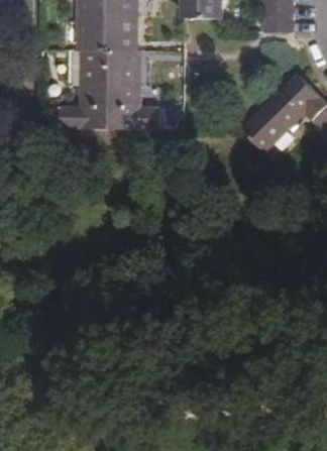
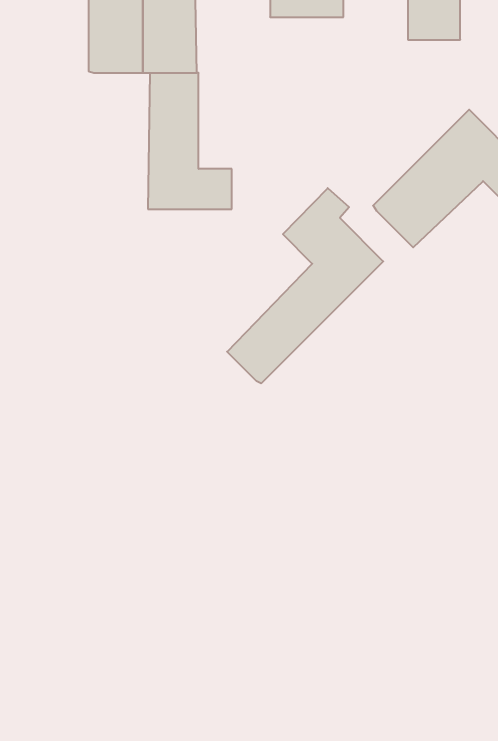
building: [60,50,112,129] -> none
building: none -> [227,188,383,383]

